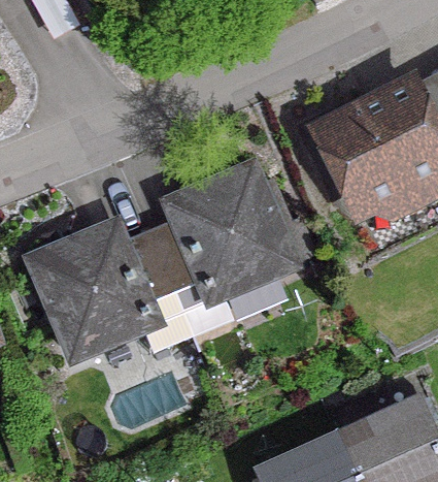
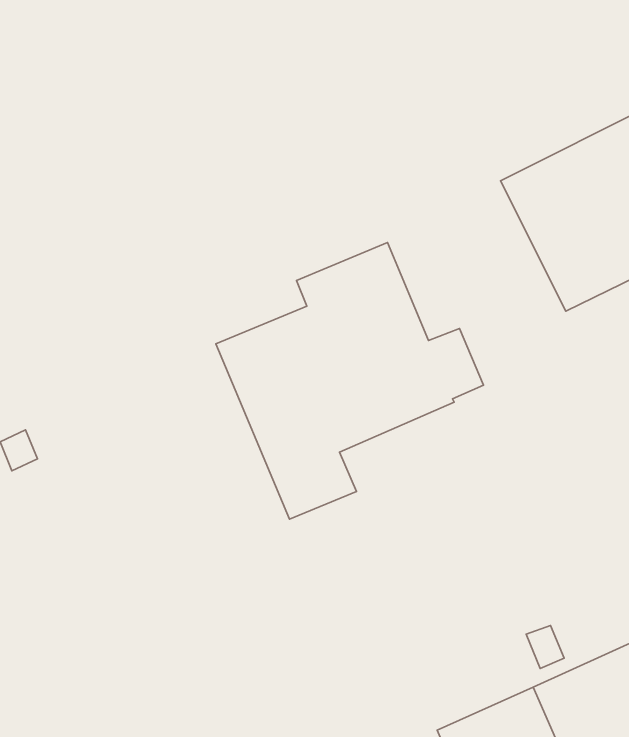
building: [29,231,189,358] -> none

